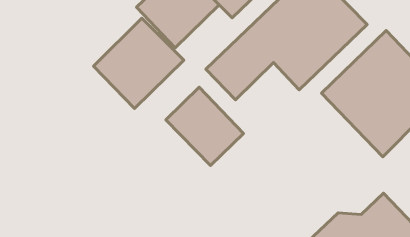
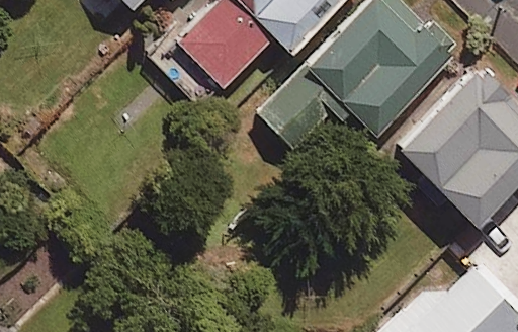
building: [93,18,184,108] -> none
building: [166,87,244,165] -> none

